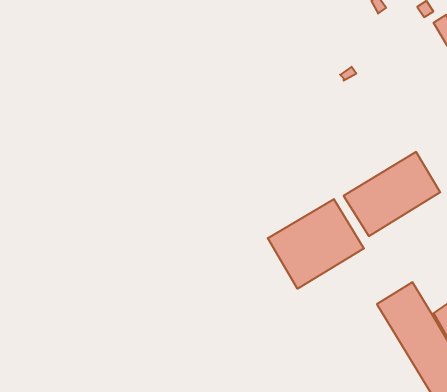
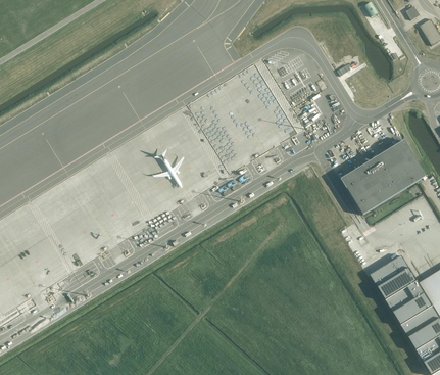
building: [268,199,364,289] -> none

